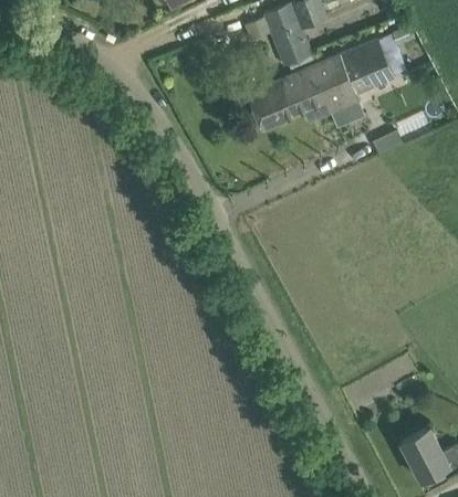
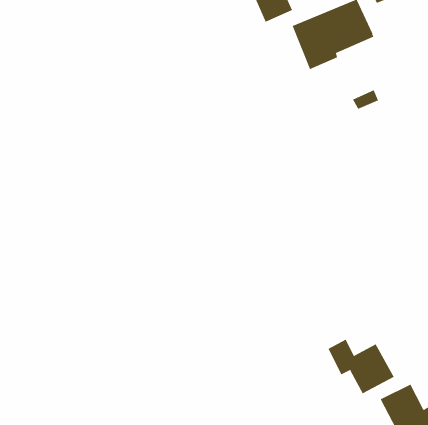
building: [247,68,330,129] -> none
building: none -> [328,339,395,394]

